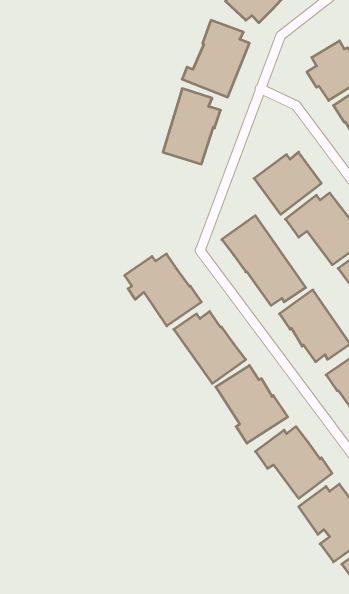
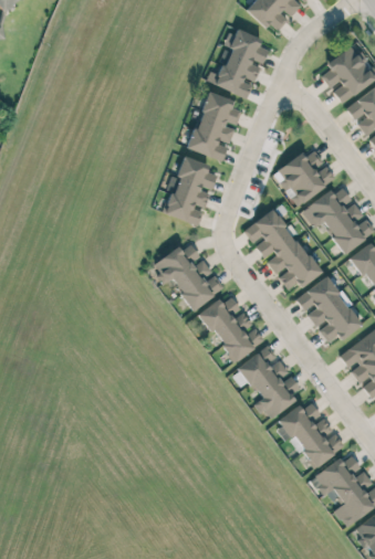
building: none -> [164,156,217,224]

